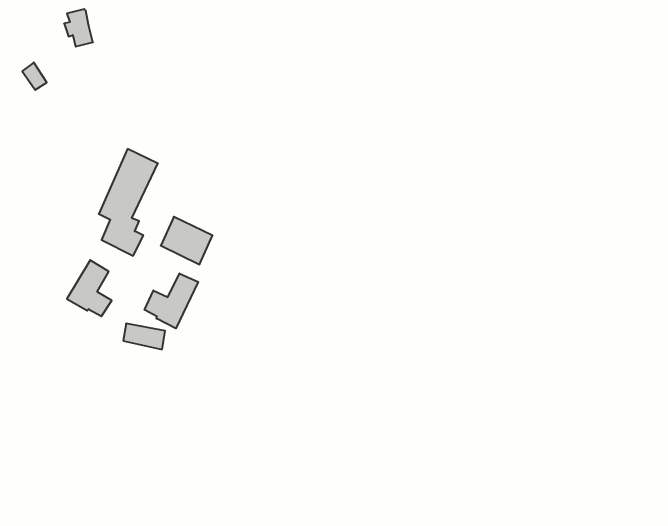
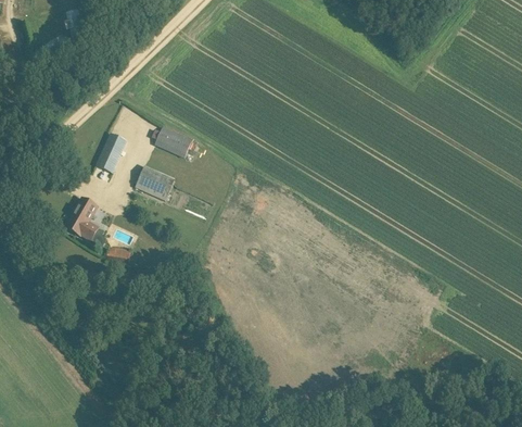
building: none -> [156,127,193,158]
building: [145,273,198,328] -> none

